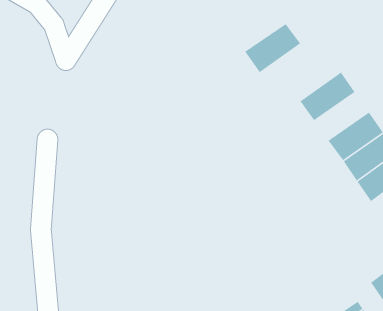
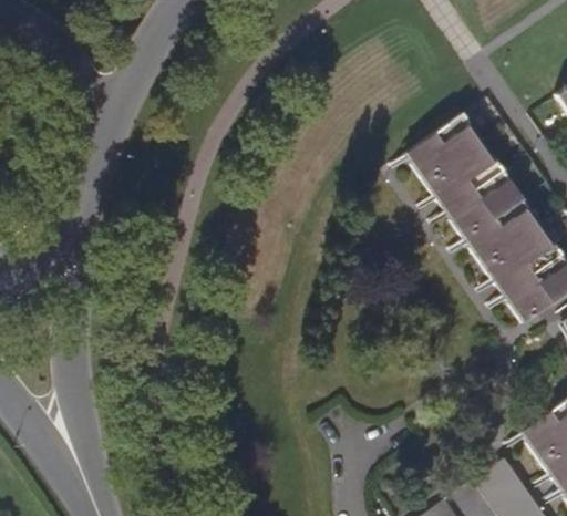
building: [244,23,301,73] -> [404,114,483,183]
building: none -> [445,171,522,237]

